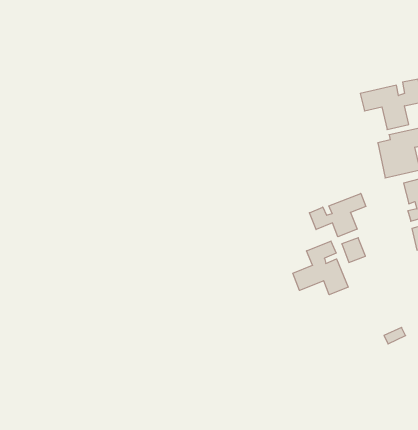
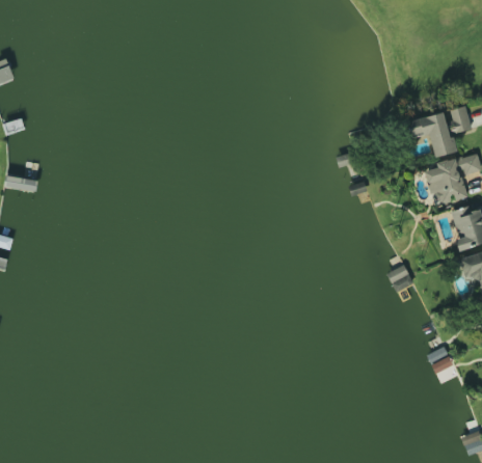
building: [309,193,366,237] -> none
building: [293,241,348,295] -> none

